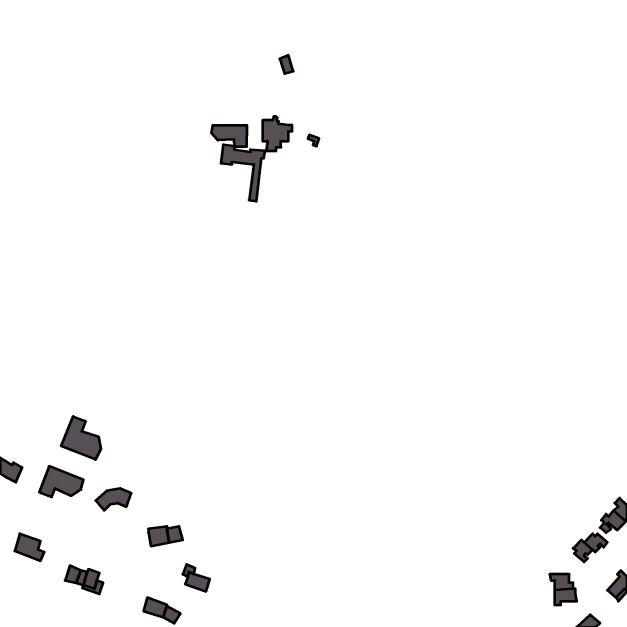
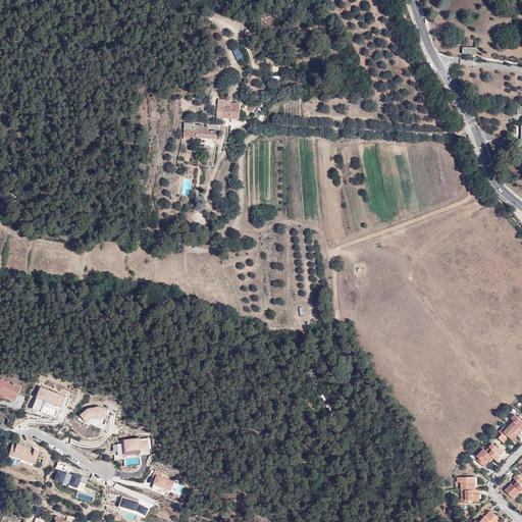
building: [212,125,247,147] -> none
building: [61,416,101,460] -> none

